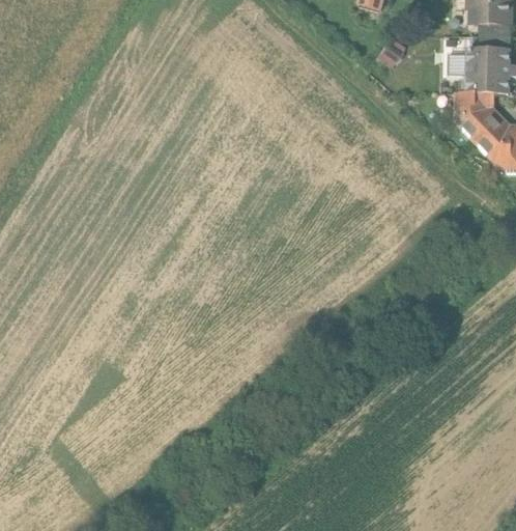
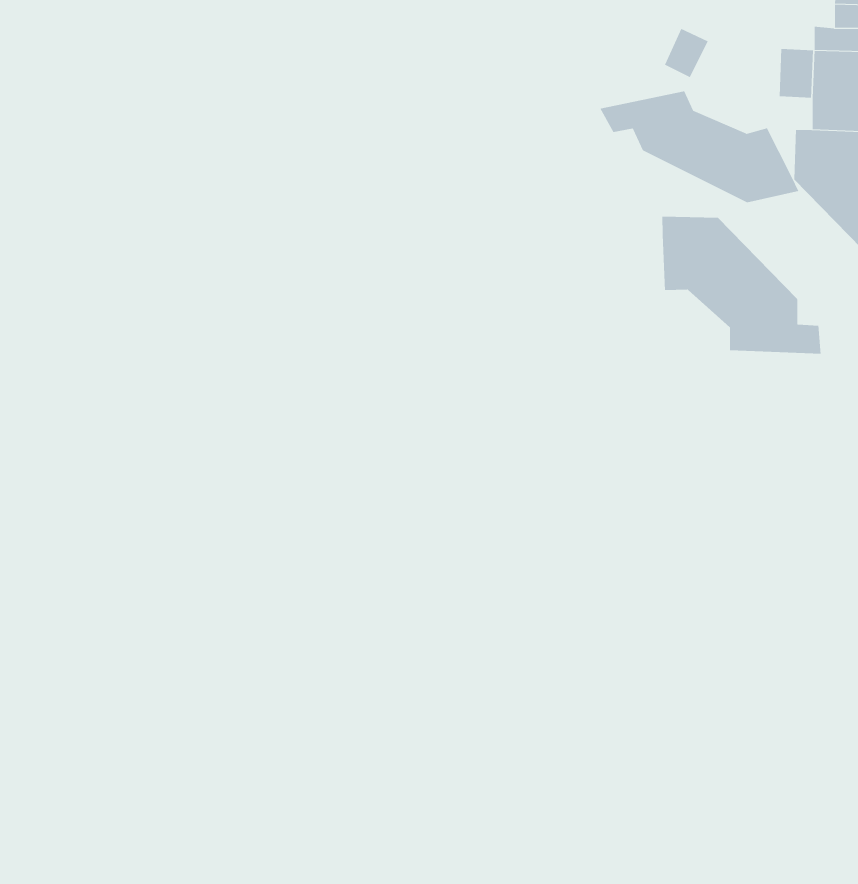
building: none -> [599,90,799,203]
building: none -> [662,216,821,354]

